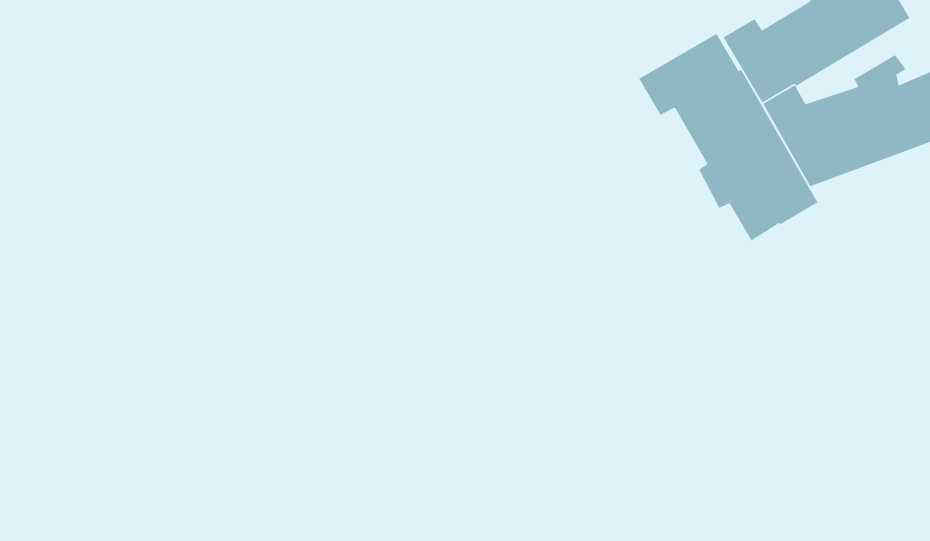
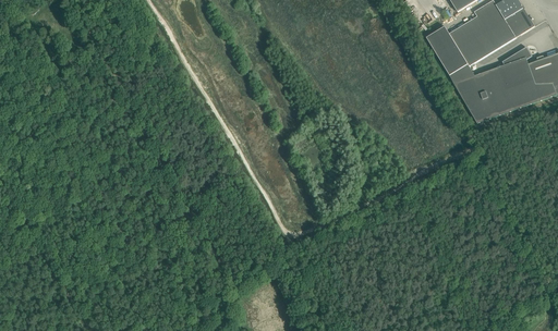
building: [638,33,819,242] -> none

